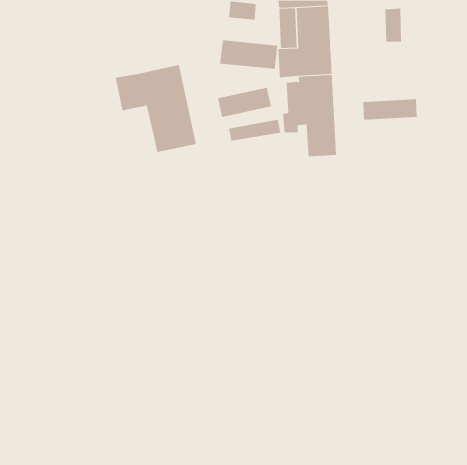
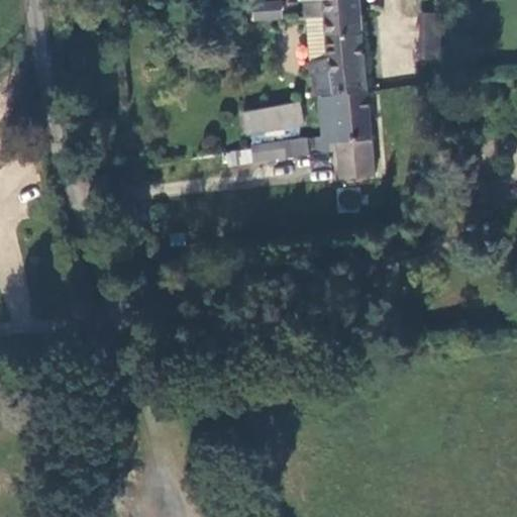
building: [220,40,278,70] -> none
building: [115,64,197,153] -> none
building: [363,99,417,120] -> none

